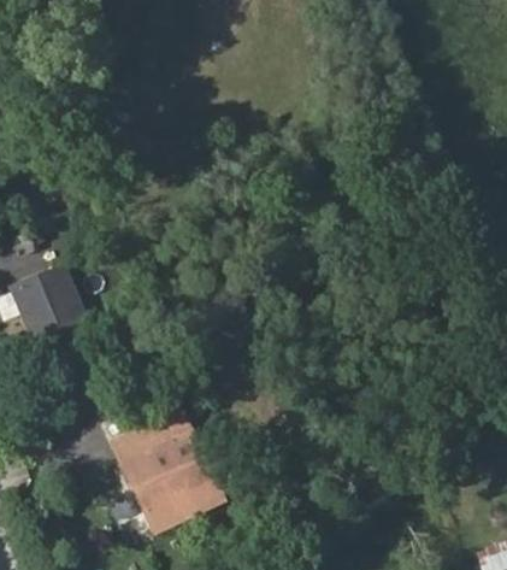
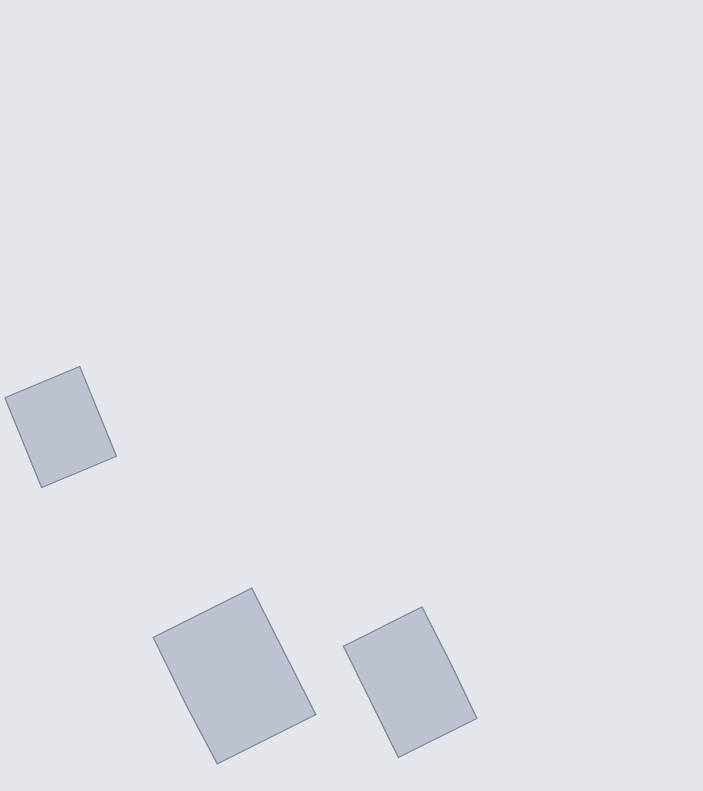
building: none -> [343,607,477,758]

